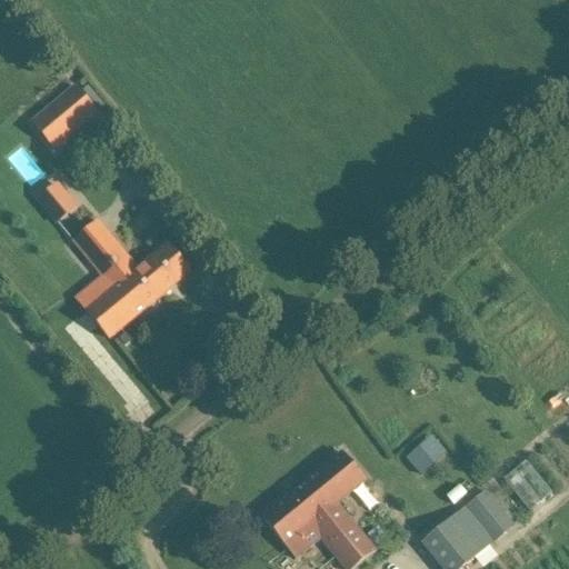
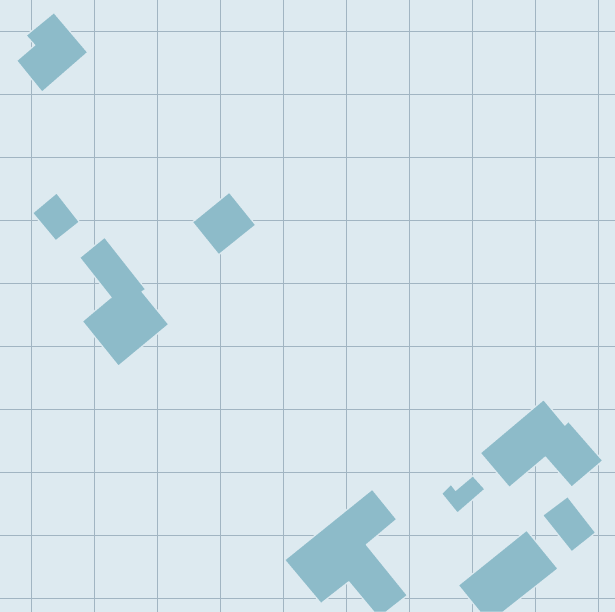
building: [32,76,98,149] -> [17,13,88,92]
building: [132,241,191,299] -> [192,192,256,255]
building: none -> [480,400,603,488]

